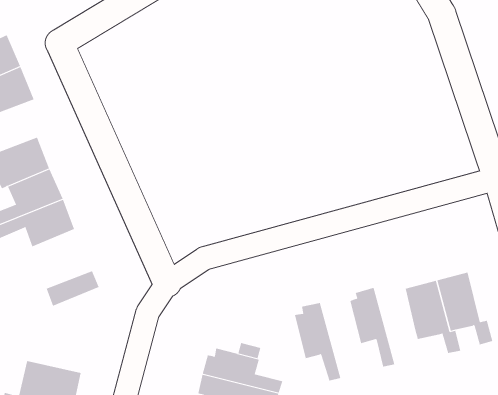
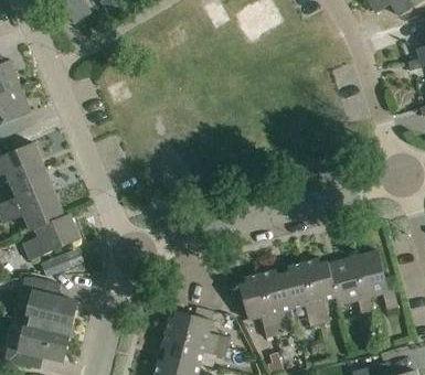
building: none -> [22,213,79,259]
building: none -> [302,257,334,323]
building: none -> [259,269,291,334]
building: none -> [21,276,76,330]

